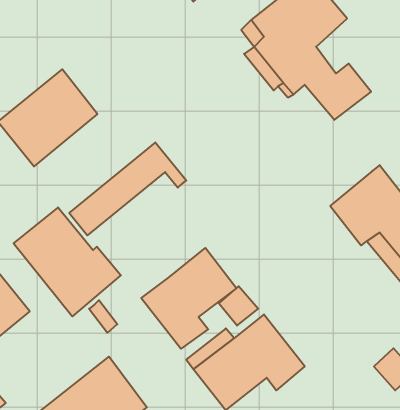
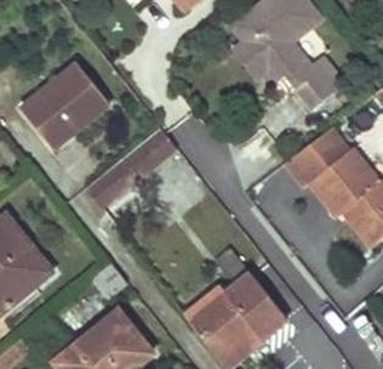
building: none -> [285,129,345,188]
building: [14,207,121,316] -> none
building: [141,248,236,349] -> none

